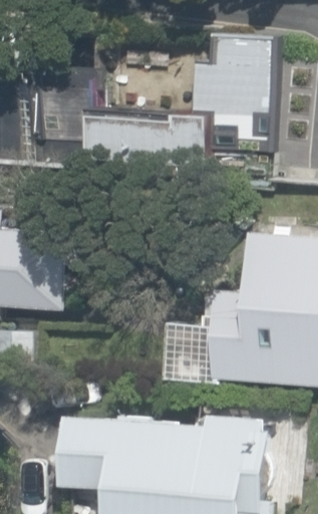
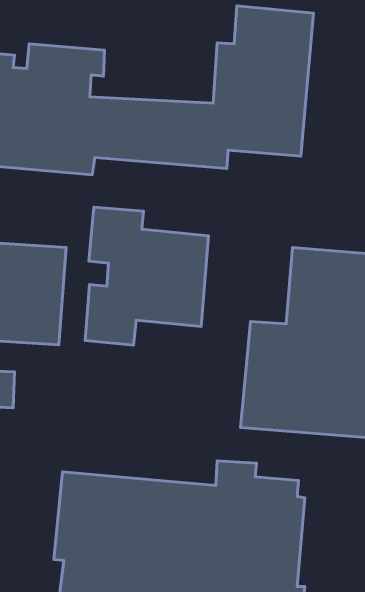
building: none -> [85,207,209,345]

